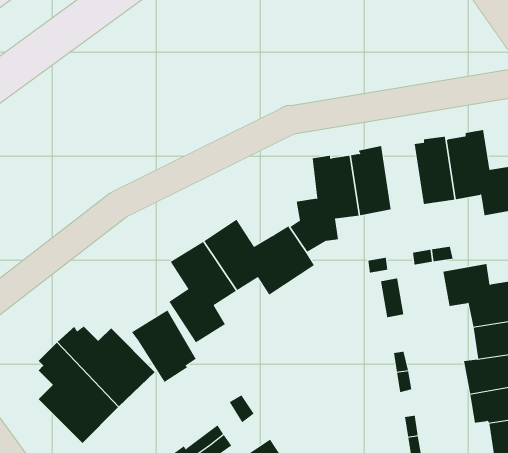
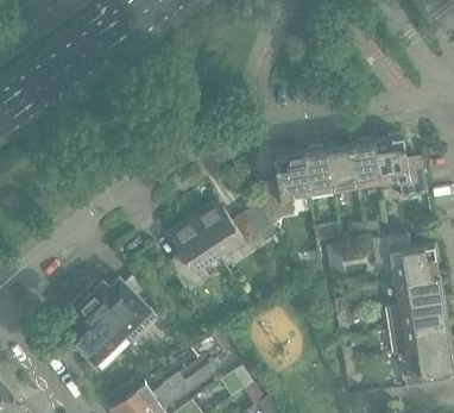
building: none -> [324,143,355,193]
building: [131,310,197,383] -> none

